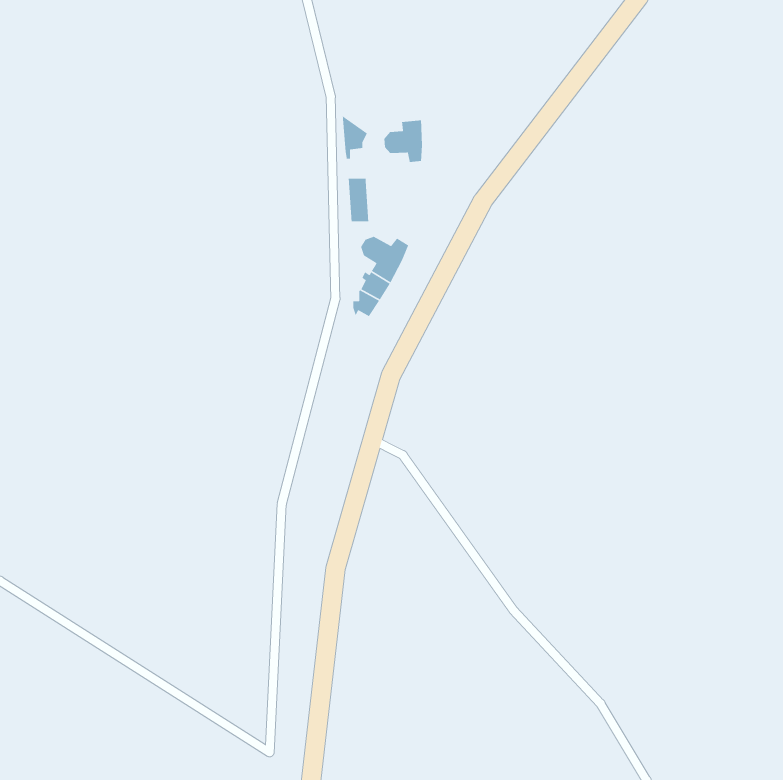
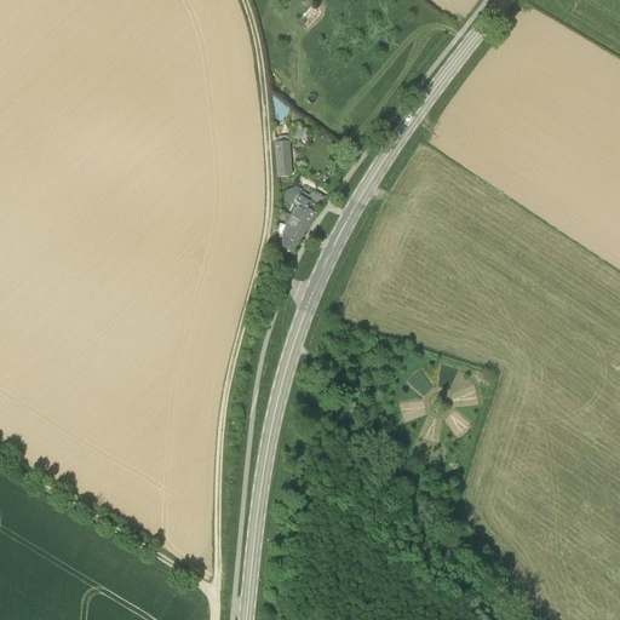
building: [383,120,423,163] -> none

